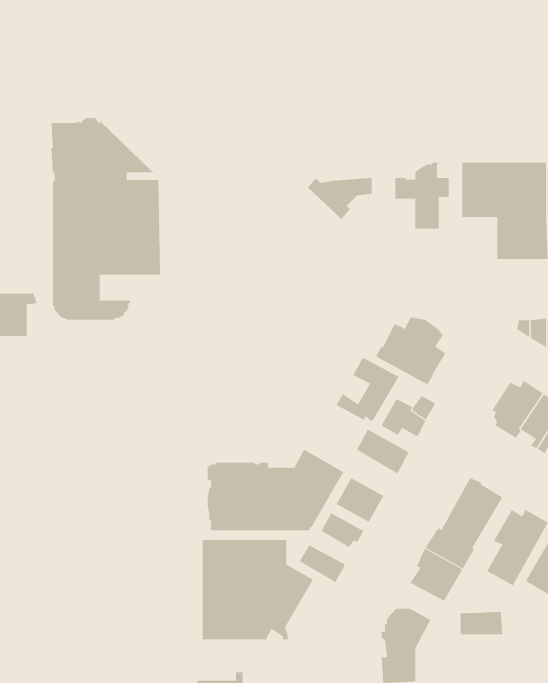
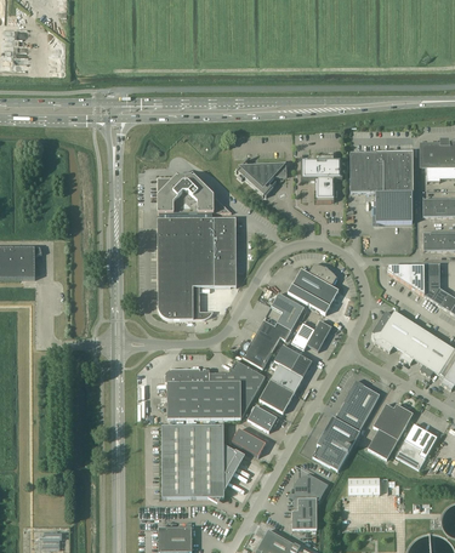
building: [50,118,161,320] -> [157,172,237,319]
building: none -> [237,327,279,367]
building: none -> [269,360,303,393]

